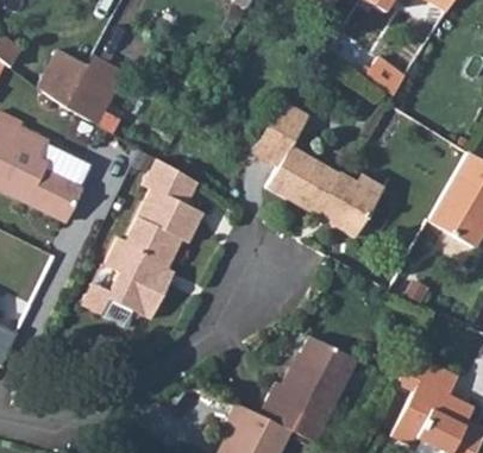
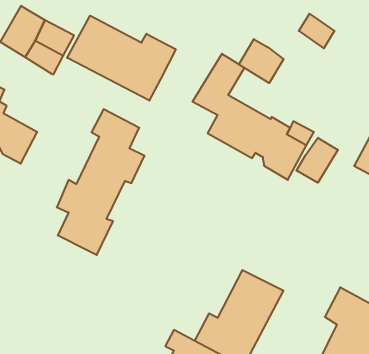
building: none -> [67,16,176,101]
building: none -> [239,39,284,83]
building: none -> [296,138,338,183]
building: [83,268,136,331] -> none

